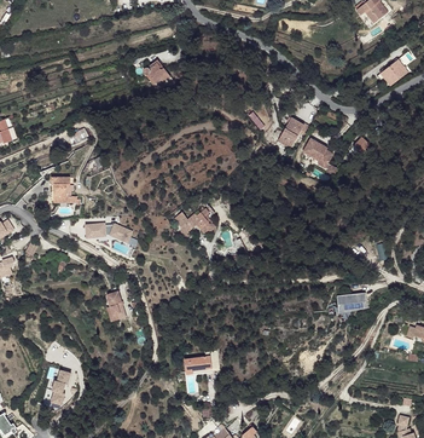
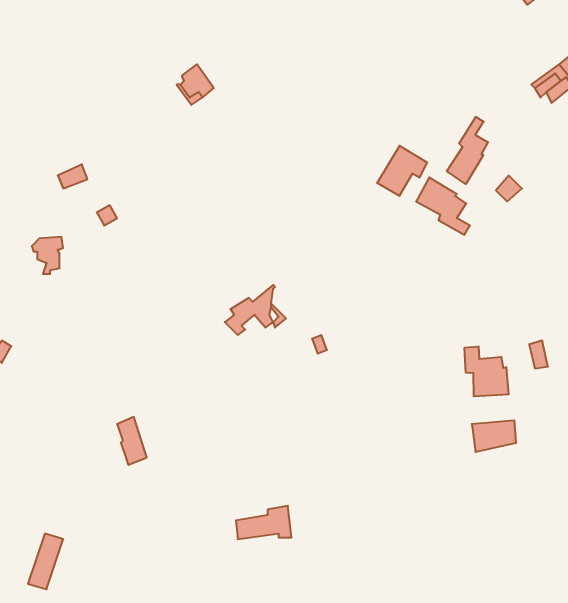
building: none -> [447,117,488,184]
building: [85,221,133,242] -> none
building: none -> [465,346,509,396]

